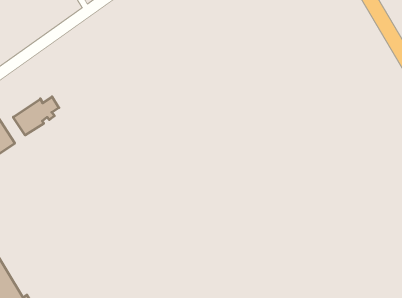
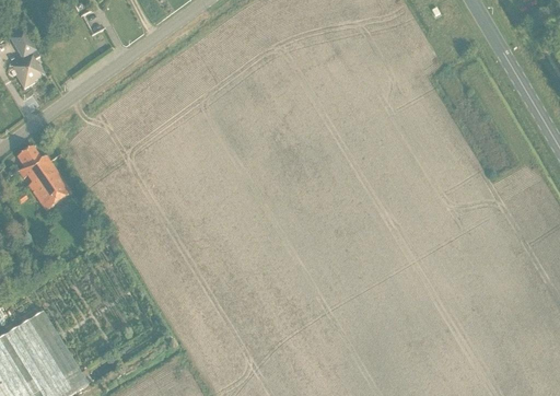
building: [13,97,59,135] -> none

